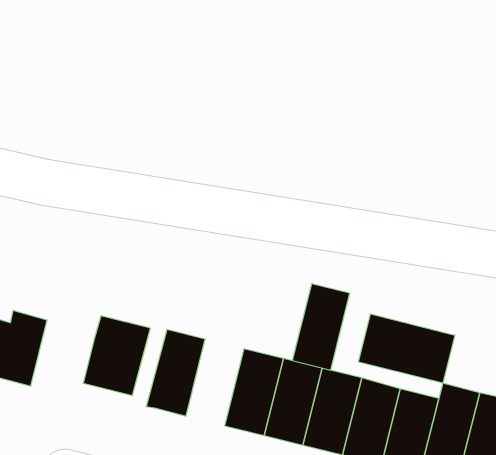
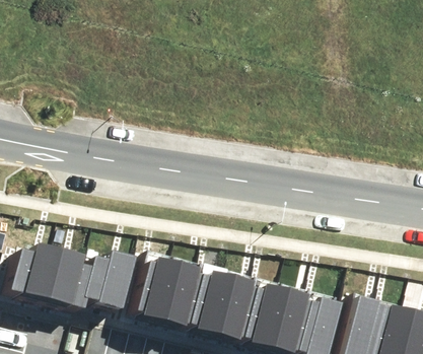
building: [292,284,350,370] -> [160,263,203,327]
building: [359,314,455,383] -> none
building: none -> [46,249,92,306]

